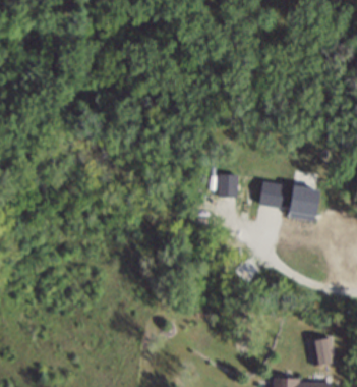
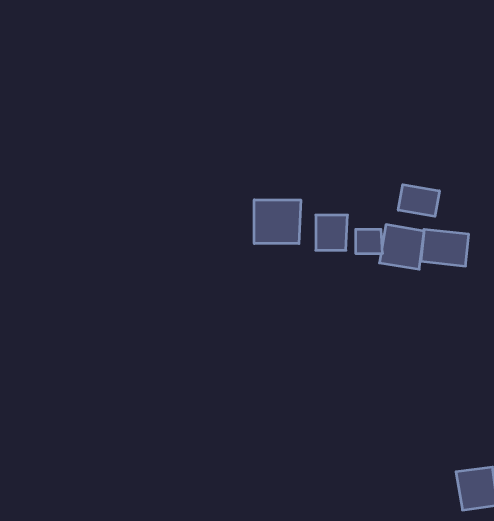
building: none -> [398,185,439,216]
building: none -> [254,200,301,244]

